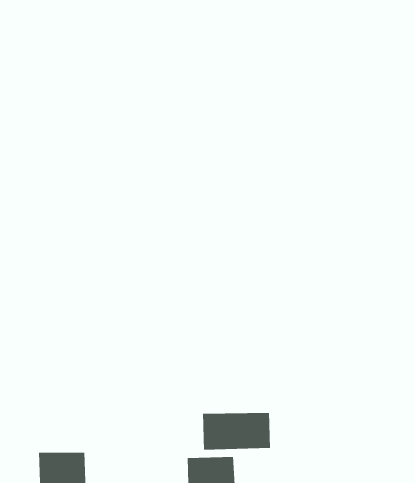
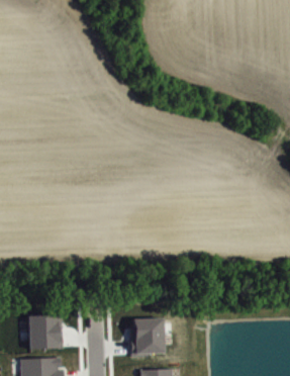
building: [203,412,270,450] -> none

